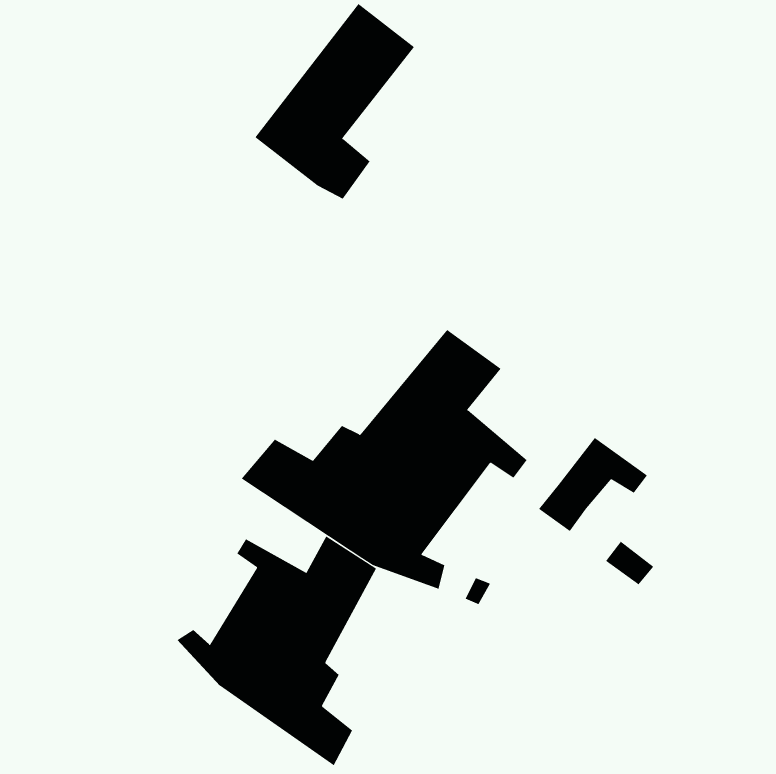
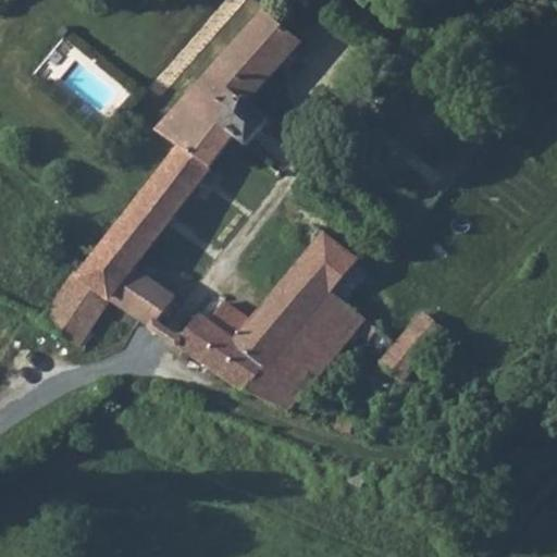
building: none -> [33,98,228,343]
building: [176,536,377,766] -> none

